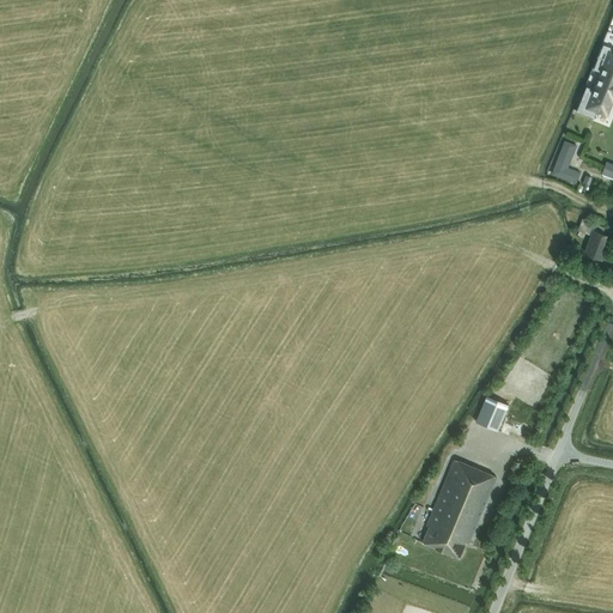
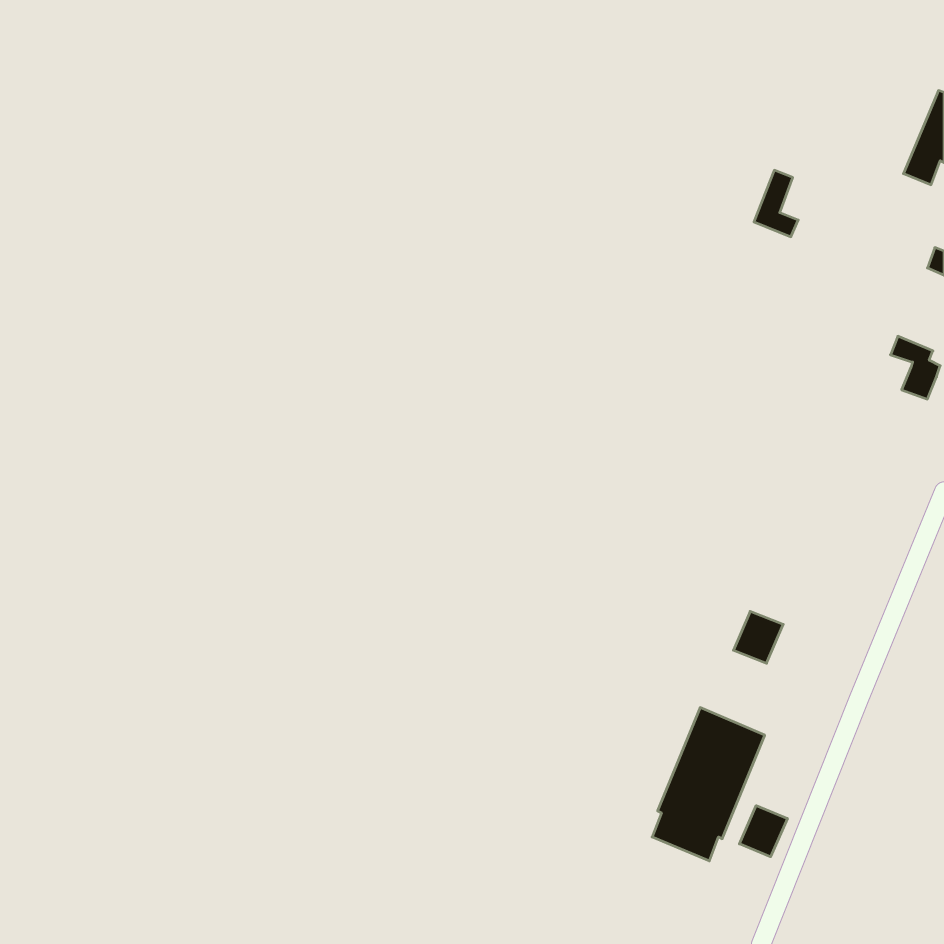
building: [551,140,579,183] -> [754,170,798,237]
building: none -> [739,806,787,857]

